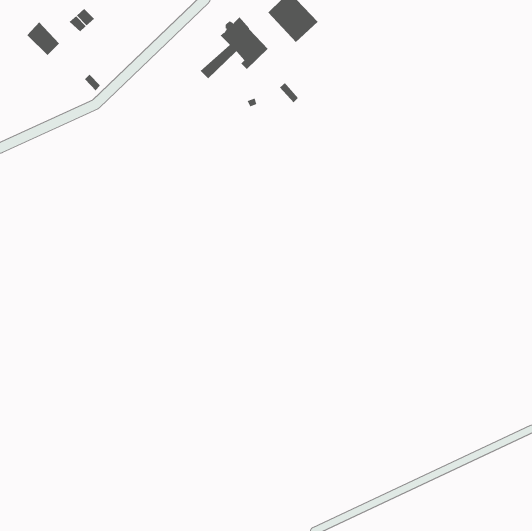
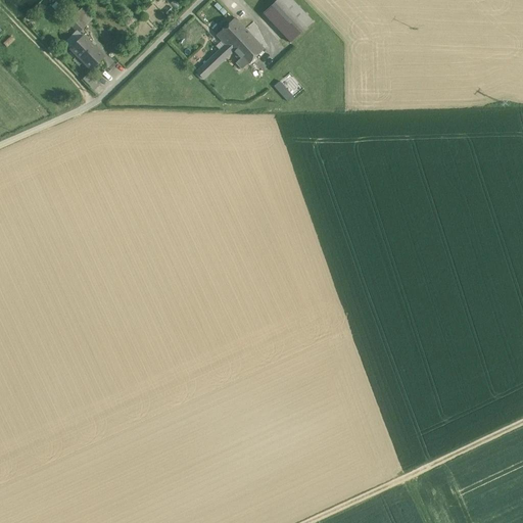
building: [27,22,60,56] -> [70,35,103,68]

